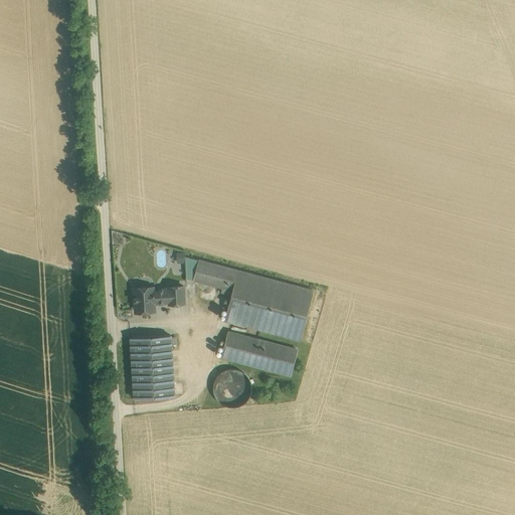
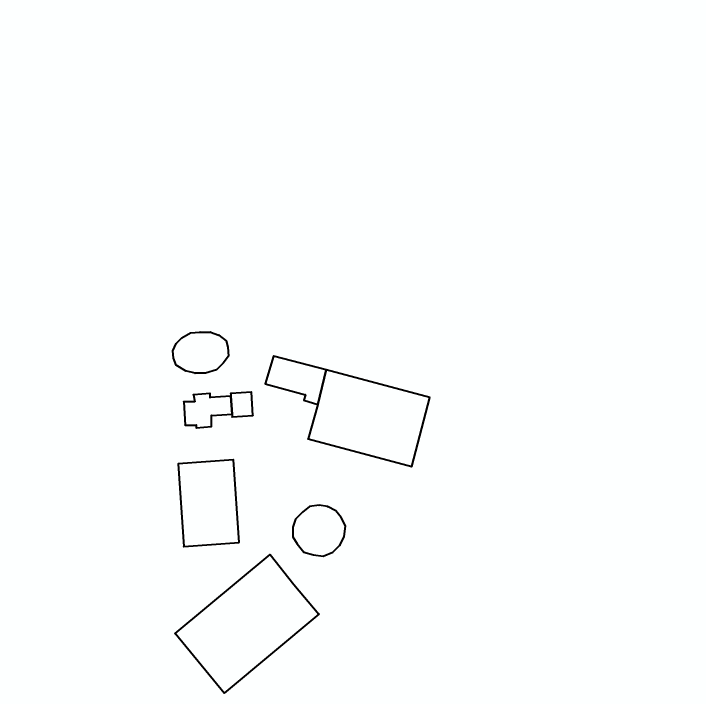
building: none -> [173,332,229,373]
building: [221,332,298,376] -> none
building: none -> [175,555,319,693]

